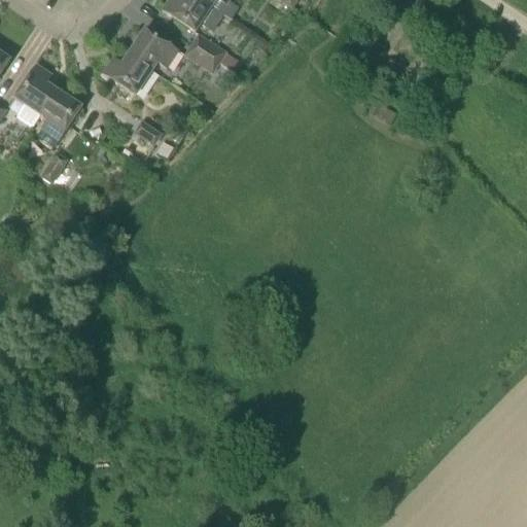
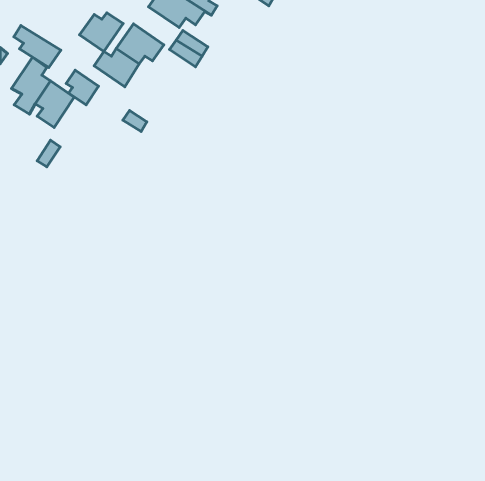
building: none -> [80,13,123,51]
building: none -> [14,26,61,68]
building: none -> [66,70,99,105]

